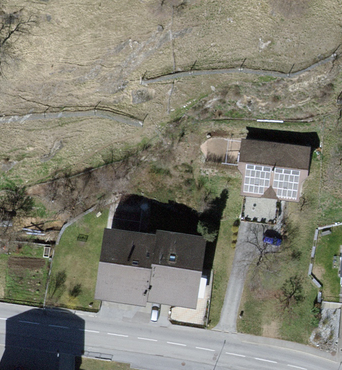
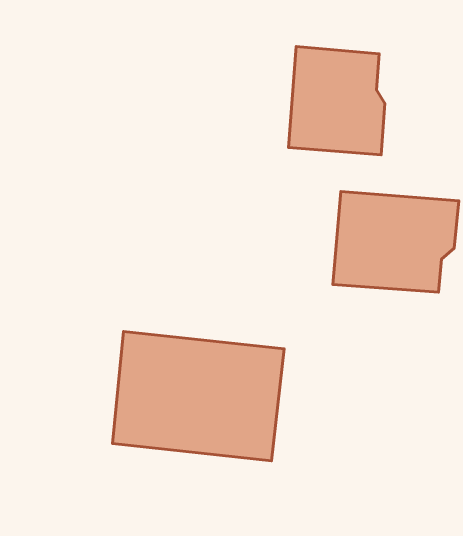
building: none -> [288,47,385,155]

